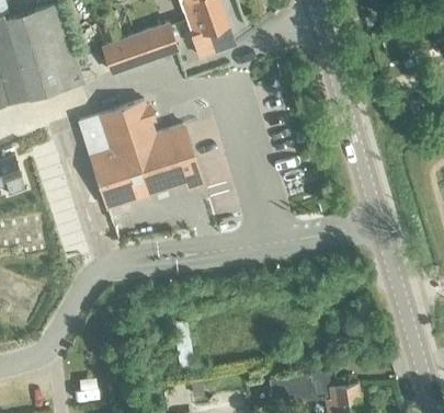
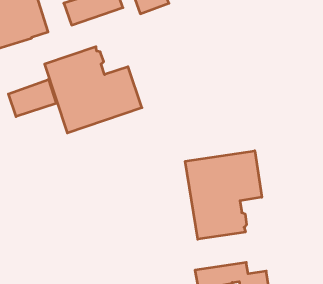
building: none -> [8,79,56,117]
building: none -> [185,151,262,239]

